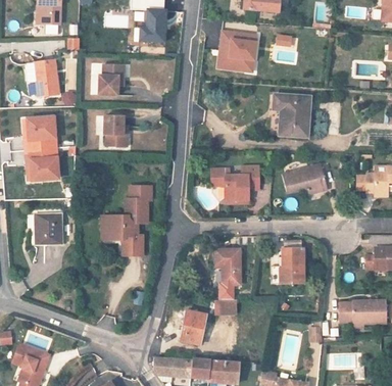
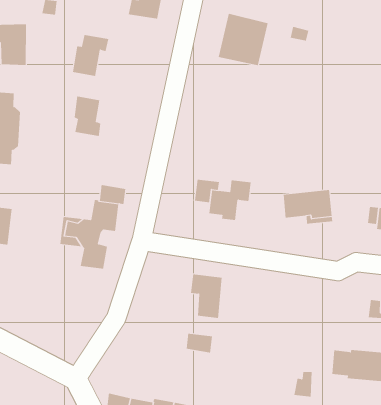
building: [276,95,307,136] -> none
building: [285,249,308,286] -> none
building: [185,311,211,345] -> none

